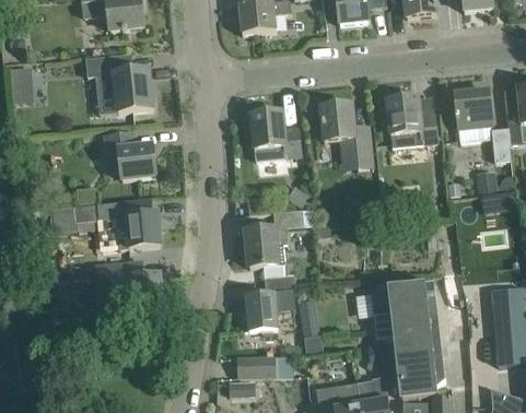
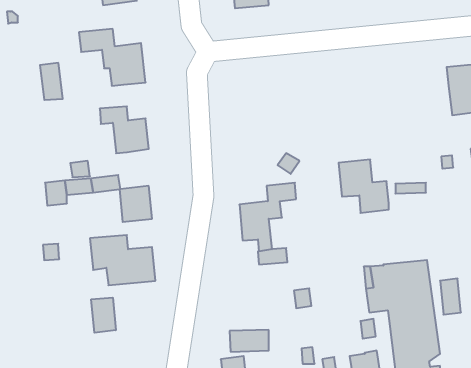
building: [11,63,34,101] -> [40,63,63,100]
building: [386,96,436,142] -> none
building: [320,103,371,156] -> [339,160,389,213]
building: [250,110,301,158] -> none
building: [246,294,277,329] -> none
building: none -> [91,298,116,333]

